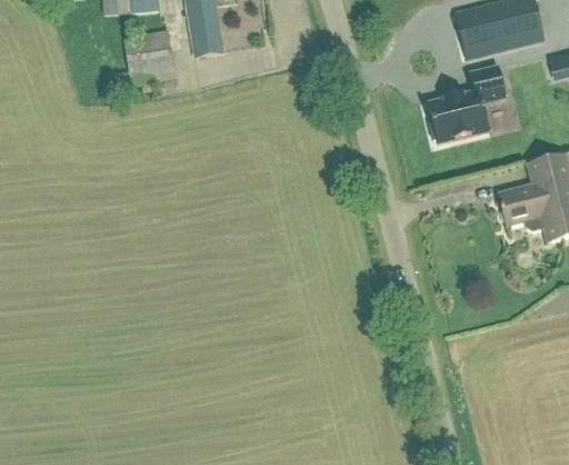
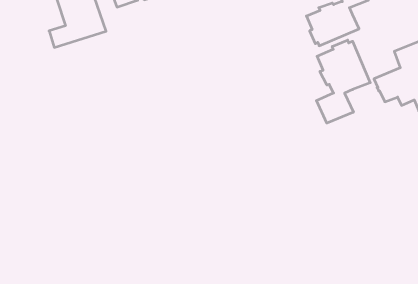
building: none -> [316,40,370,123]

